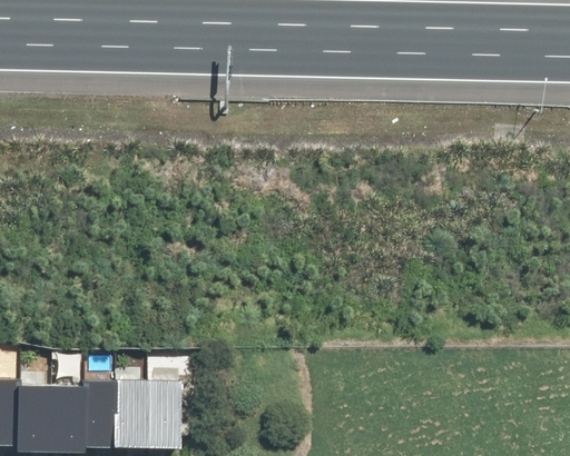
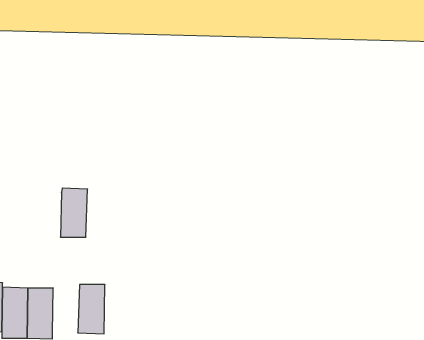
building: [82,381,117,444] -> [60,188,88,237]
building: [148,383,181,446] -> none

